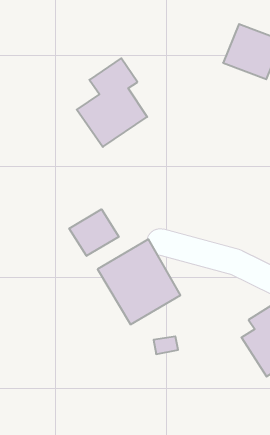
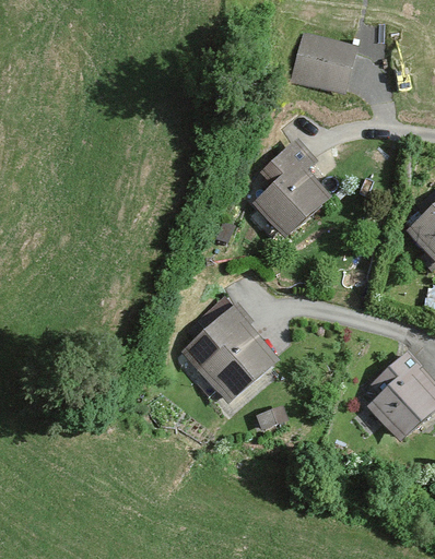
building: [77,58,147,147] -> [250,133,334,240]
building: [69,209,119,256] -> none

